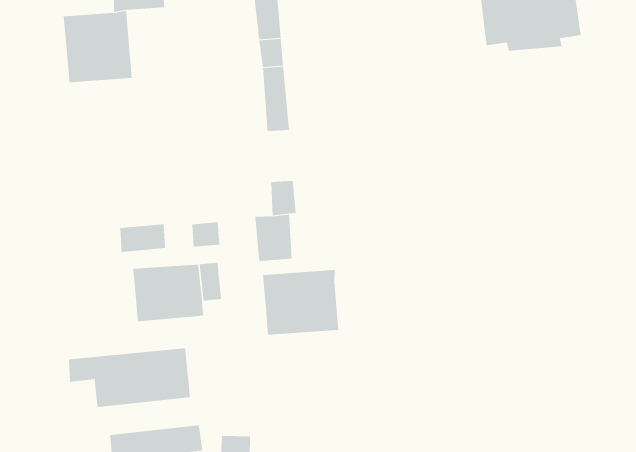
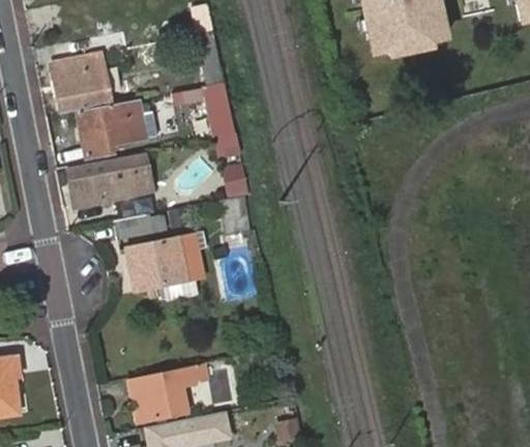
building: none -> [77,99,145,157]
building: none -> [66,152,155,209]
building: [262,269,339,336] -> none
building: [69,347,190,408] -> none

